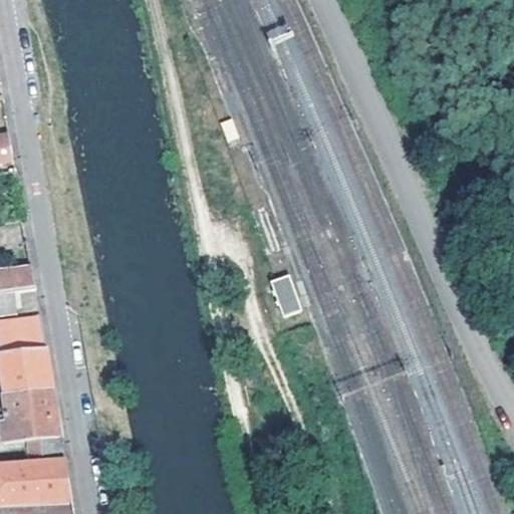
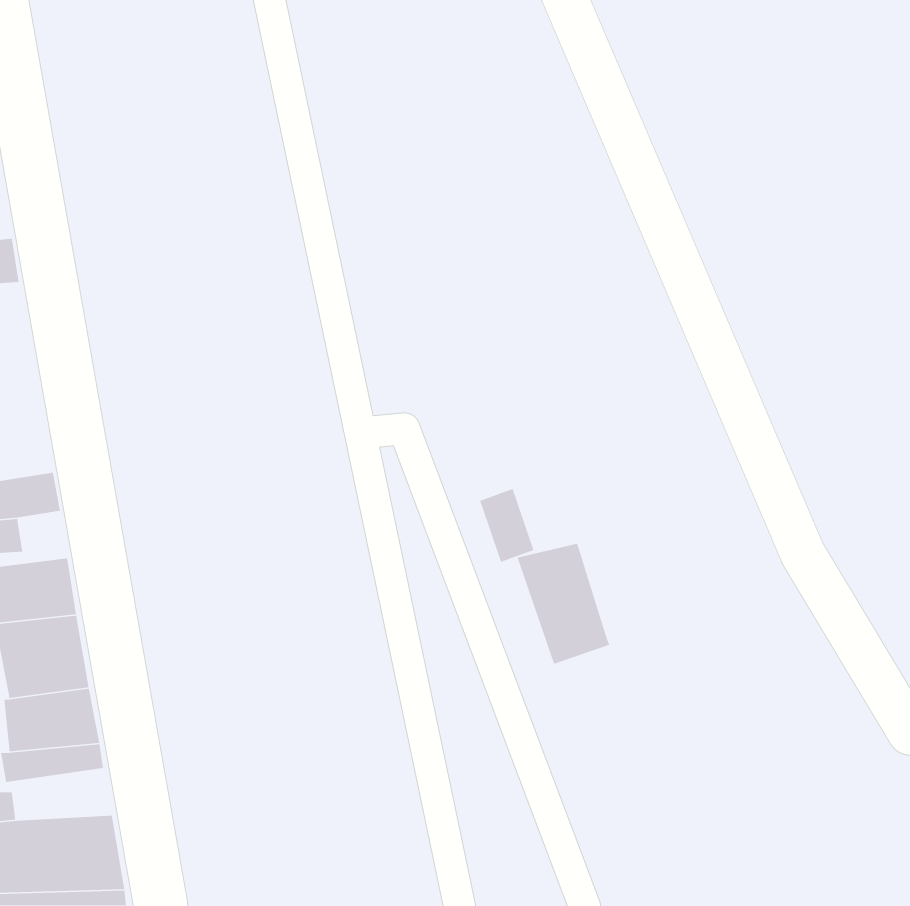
building: none -> [516,543,610,665]

